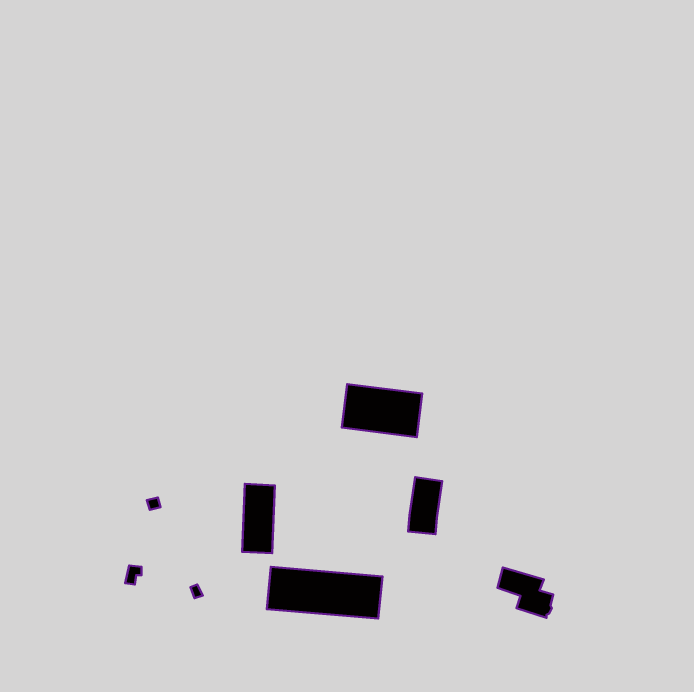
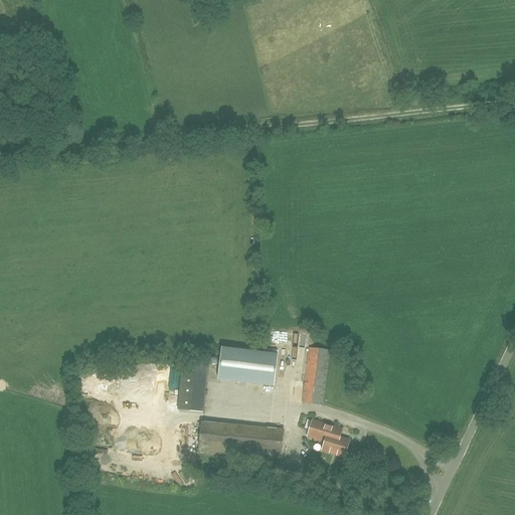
building: [342,384,422,437] -> [217,345,277,384]
building: [497,567,553,618] -> [307,418,348,456]

